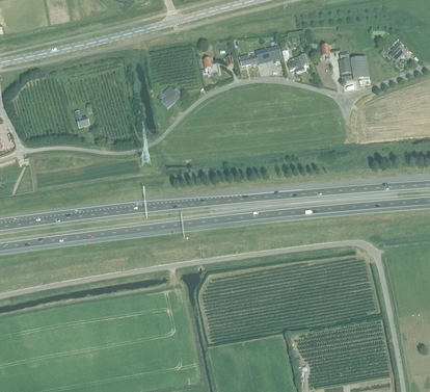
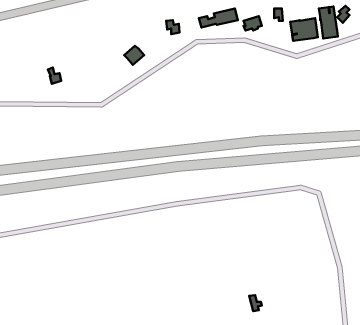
building: none -> [319,7,338,39]

